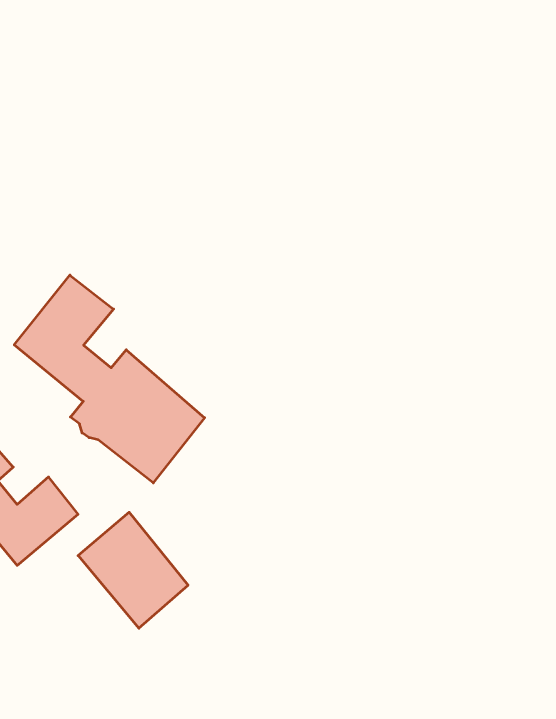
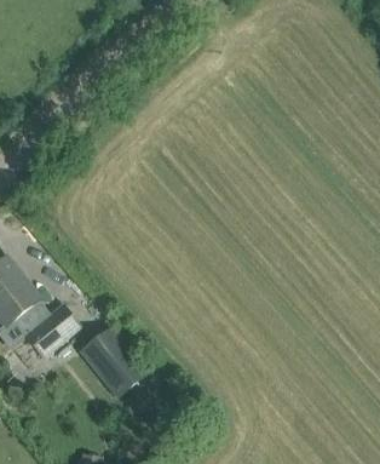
building: [14,275,205,483] -> none

